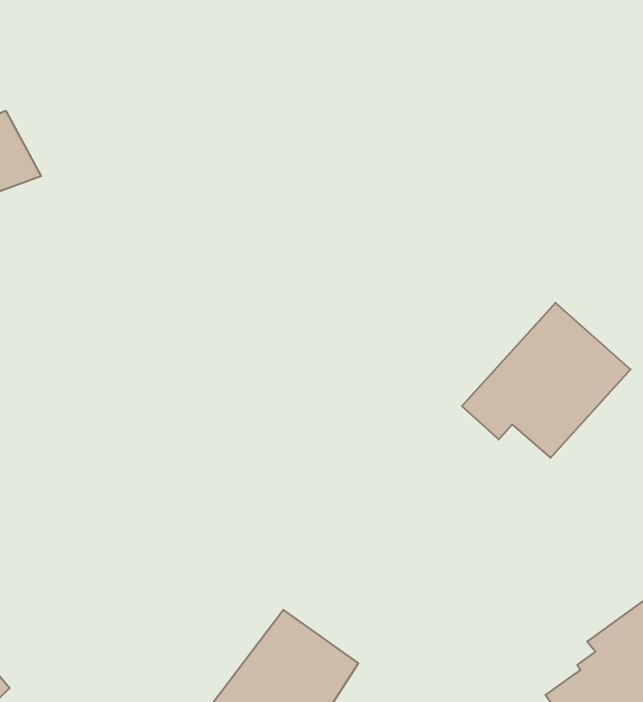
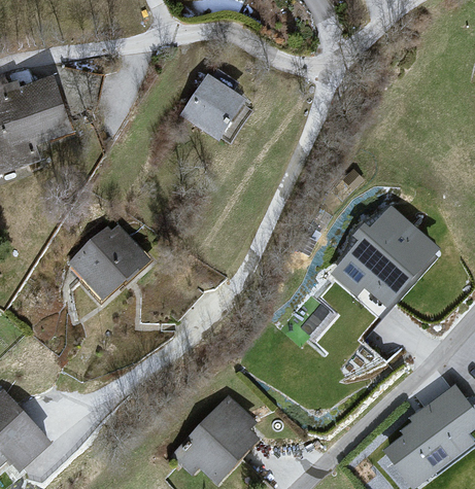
building: none -> [174,76,248,153]
building: none -> [66,220,155,306]

